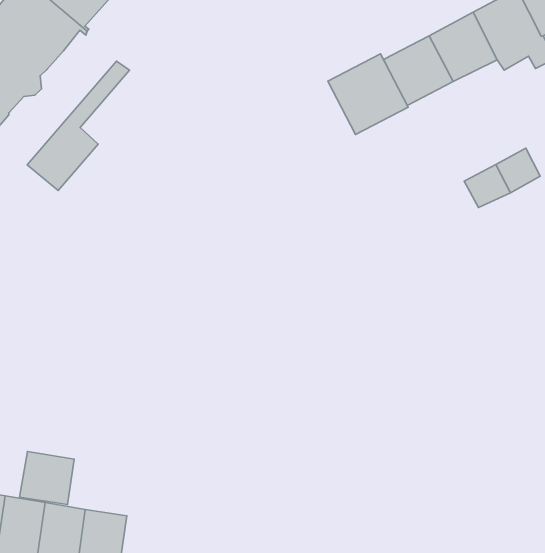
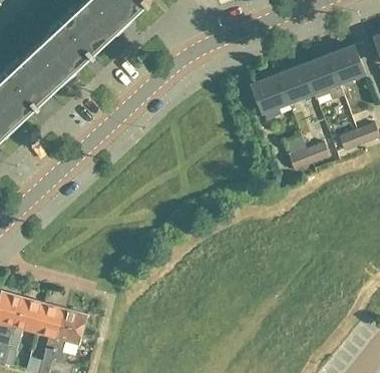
building: [328,54,408,134] -> none
building: [27,61,129,190] -> none
building: [19,451,74,504] -> none

